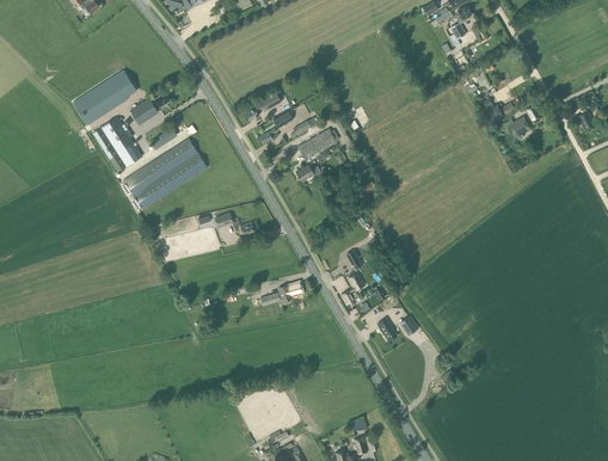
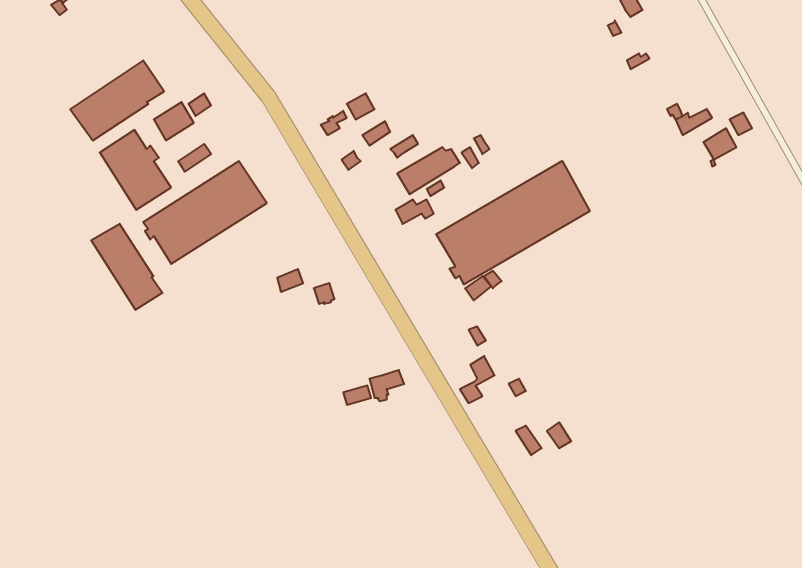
building: none -> [436,161,590,285]
building: none -> [91,224,162,310]

